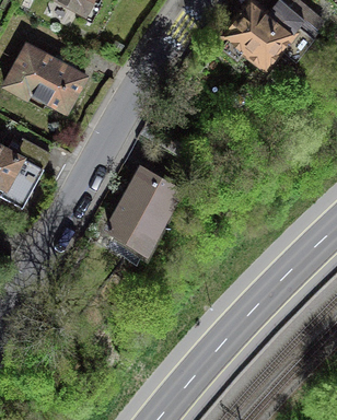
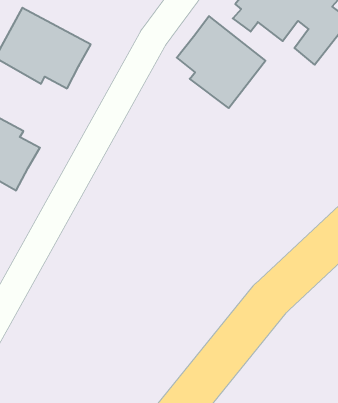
building: none -> [177,16,265,108]
building: [103,162,183,253] -> none

